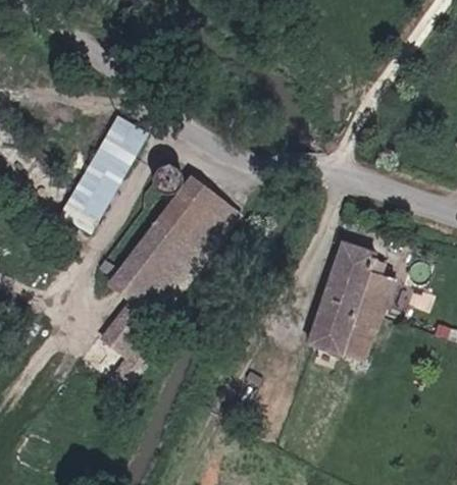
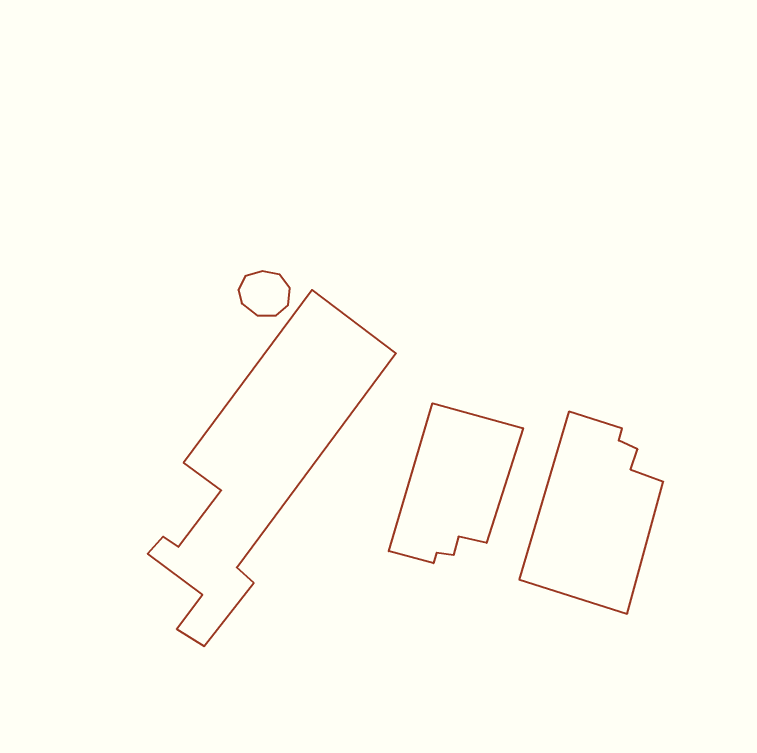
building: [63,106,152,226] -> none
building: none -> [389,403,523,563]

